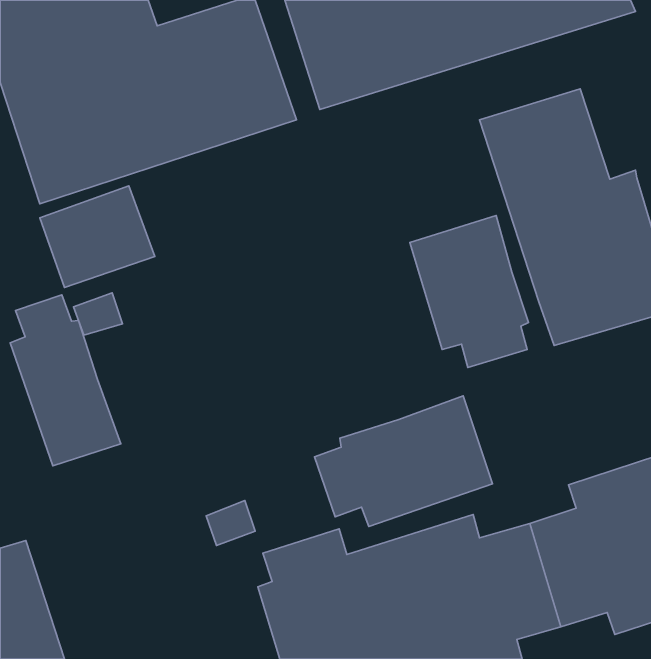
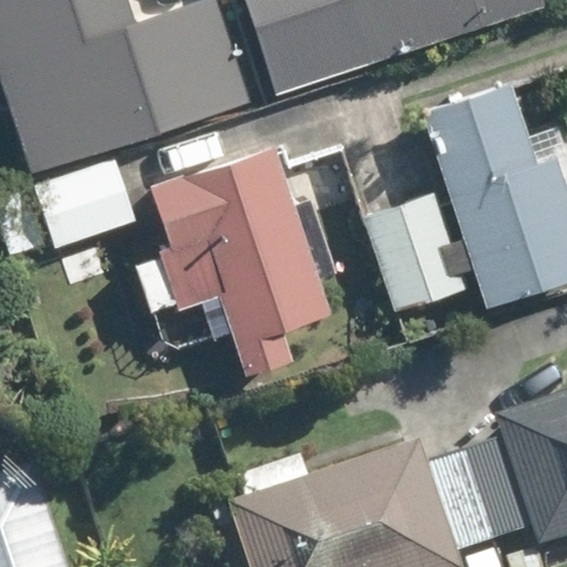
building: none -> [130,137,323,369]
building: [10,295,121,466] -> none
building: [315,396,492,526] -> none

